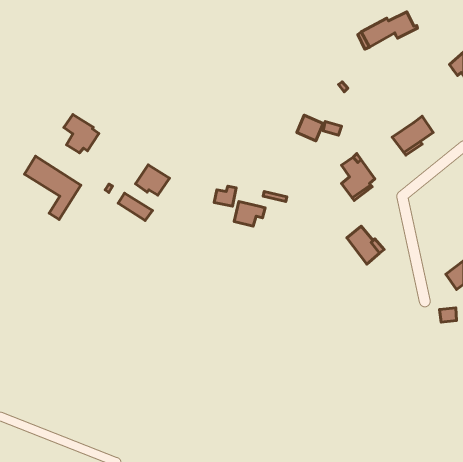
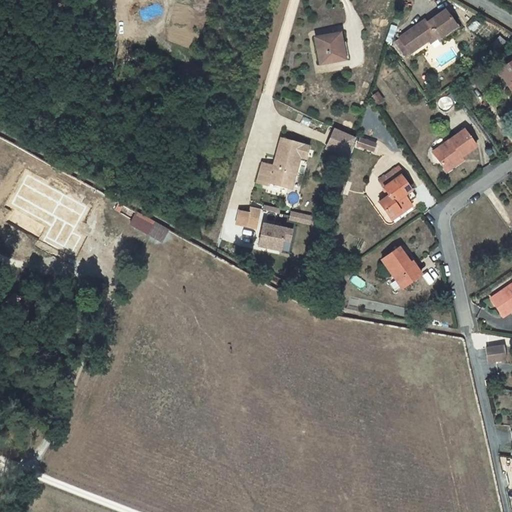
building: none -> [311,32,338,61]
building: [64,114,99,153] -> none
building: none -> [258,137,309,187]
building: [136,165,169,195] -> none

